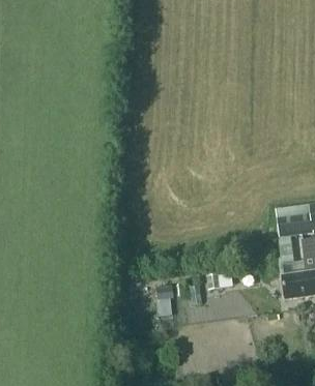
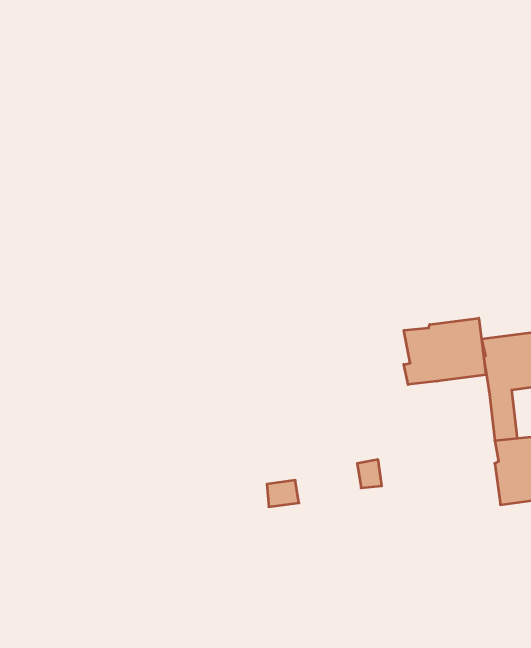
building: none -> [404,318,486,385]

